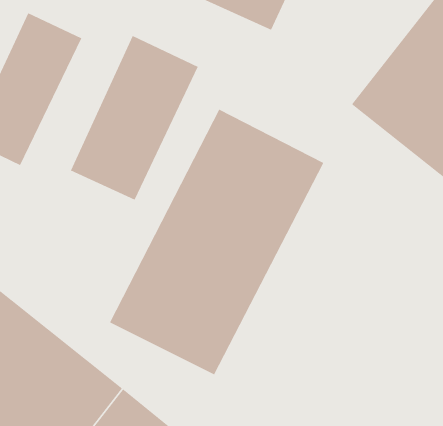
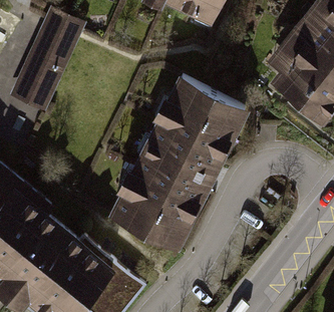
building: [70,35,199,201] -> none

